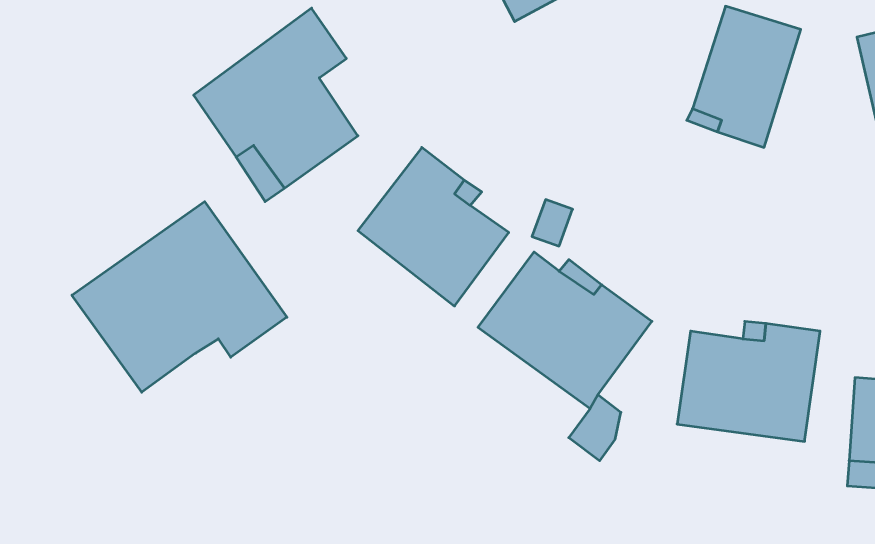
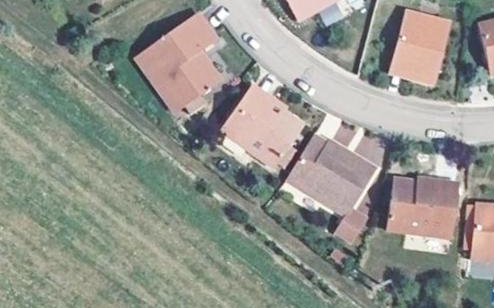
building: [72,202,287,392] -> none

